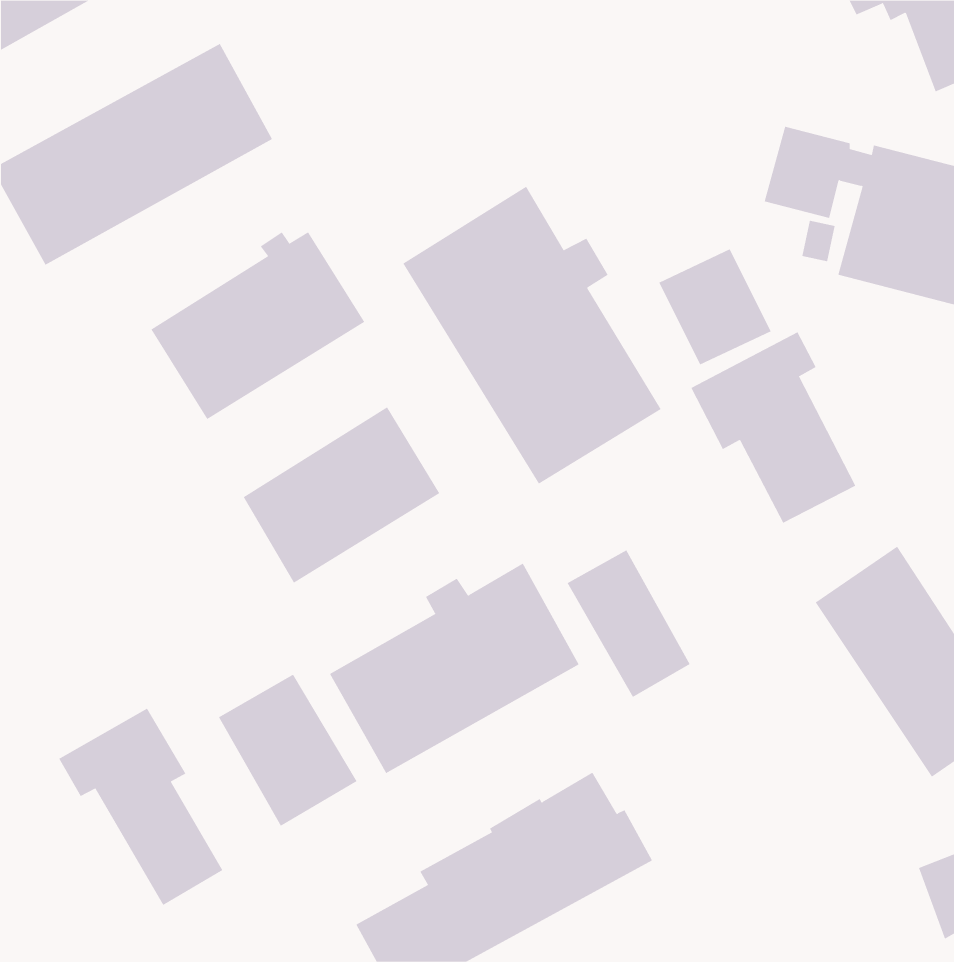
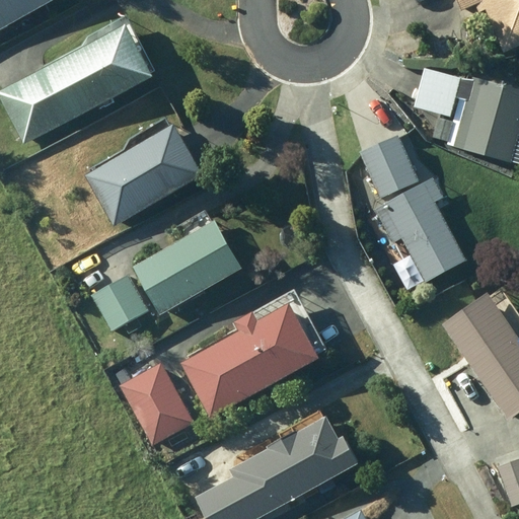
building: [403,186,661,485] -> none
building: none -> [94,277,148,329]
building: [567,549,690,698] -> none
building: [58,708,223,906] -> none

